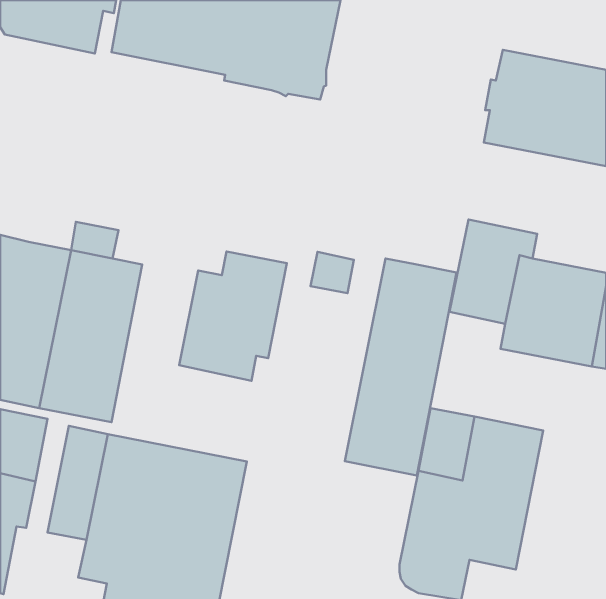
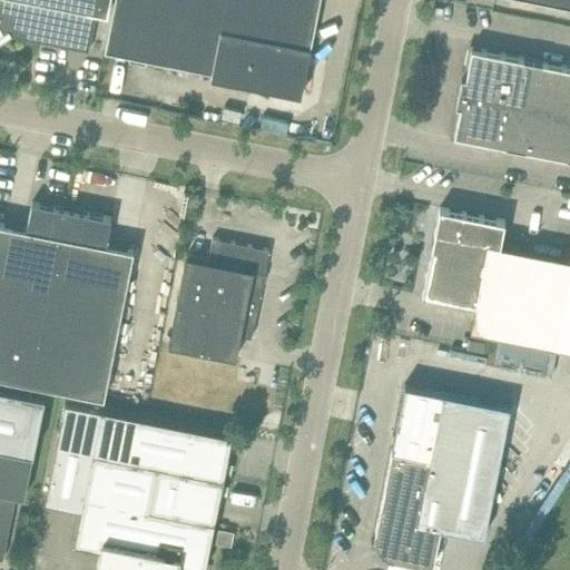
building: none -> [27,207,71,242]
building: [311,252,354,293] -> none
building: [345,258,457,476] -> none

